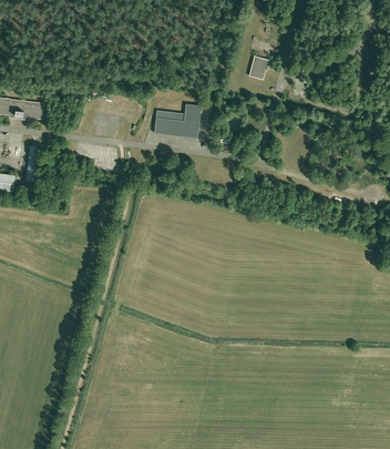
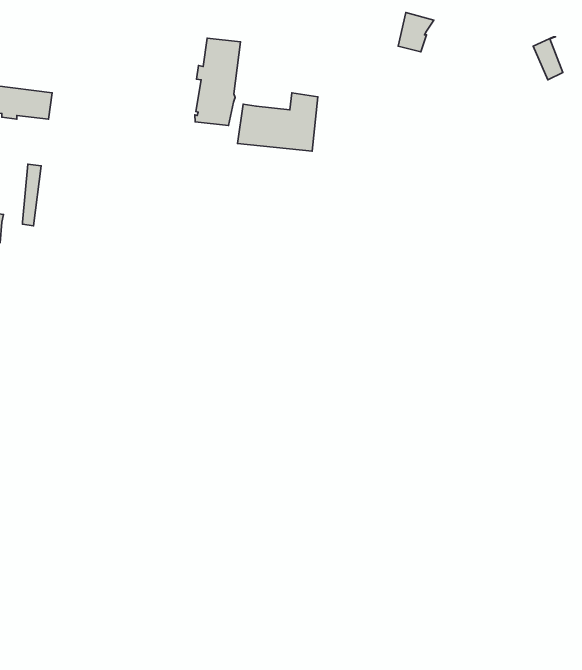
building: none -> [195,38,241,125]

